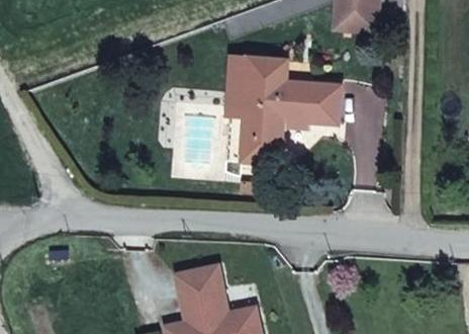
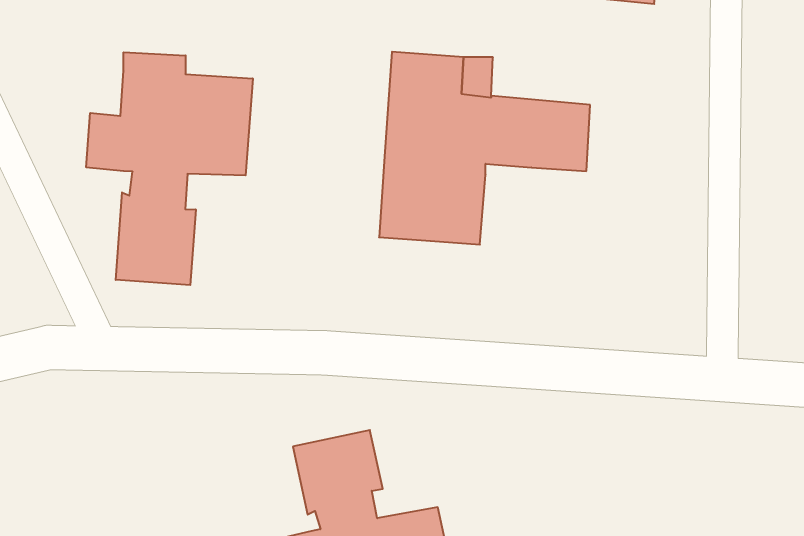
building: none -> [86,52,253,285]

